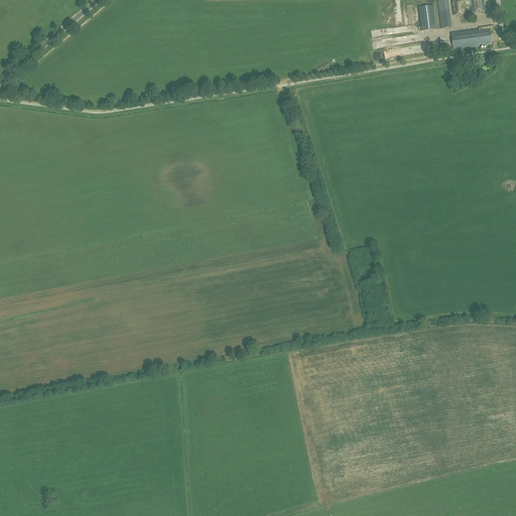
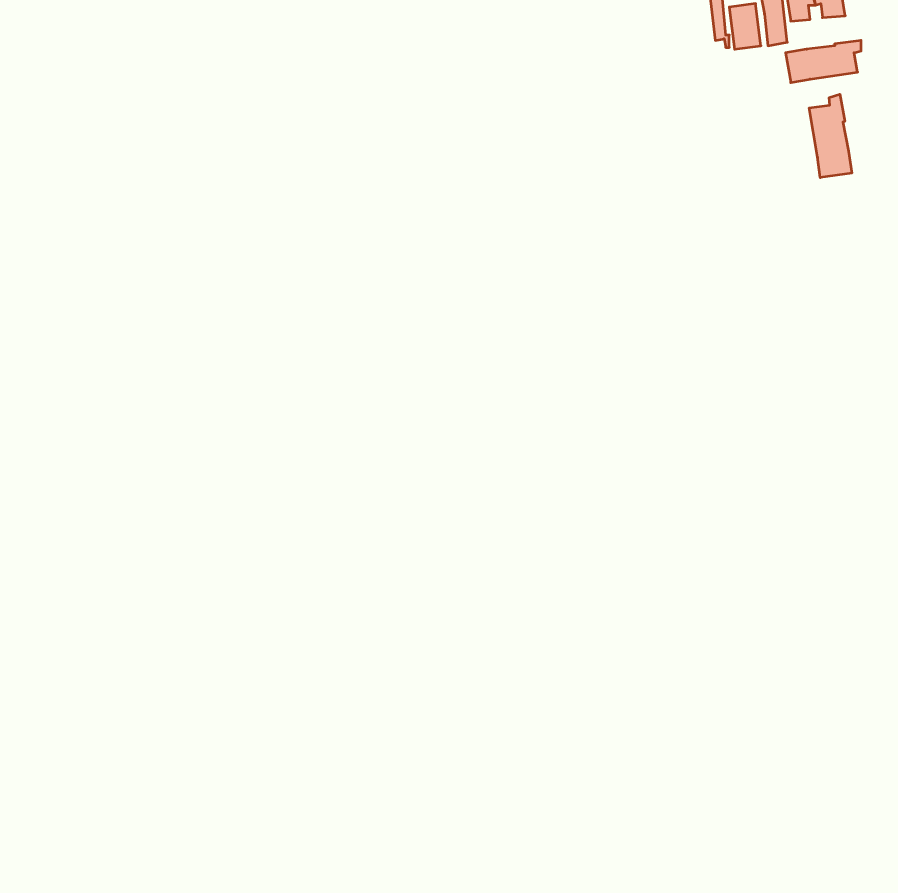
building: none -> [809,94,852,178]

